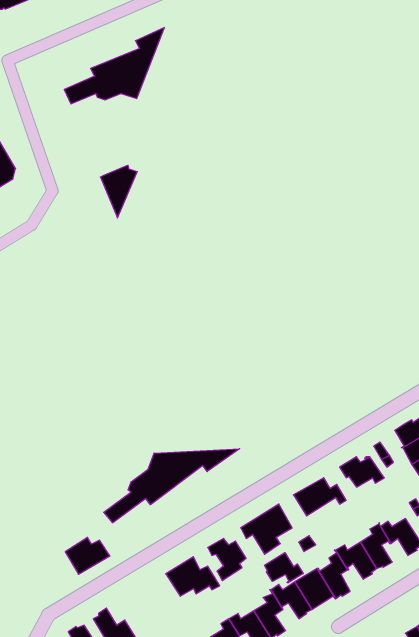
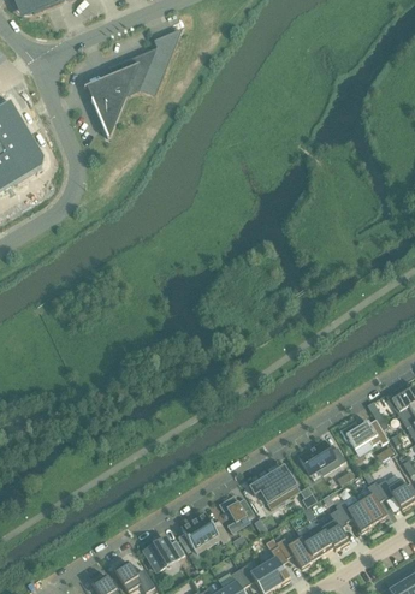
building: [100,165,137,218] -> [91,88,125,136]
building: [104,449,240,523] -> none
building: [65,537,110,574] -> [144,536,185,570]
building: [265,553,303,583] -> none

